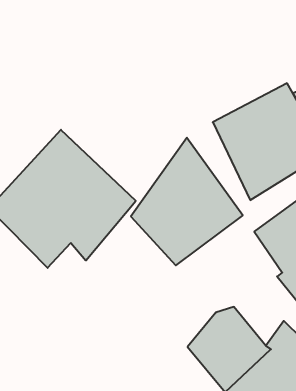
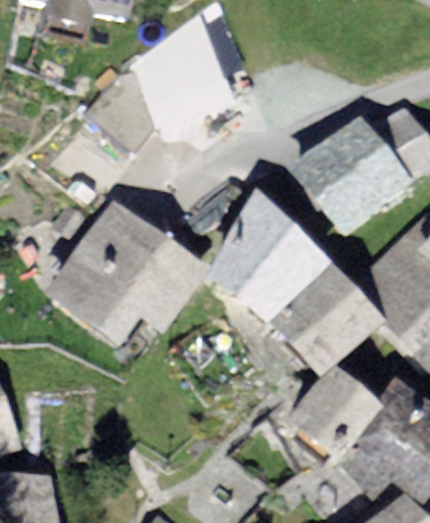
building: none -> [83,40,223,147]
building: none -> [265,263,385,376]

